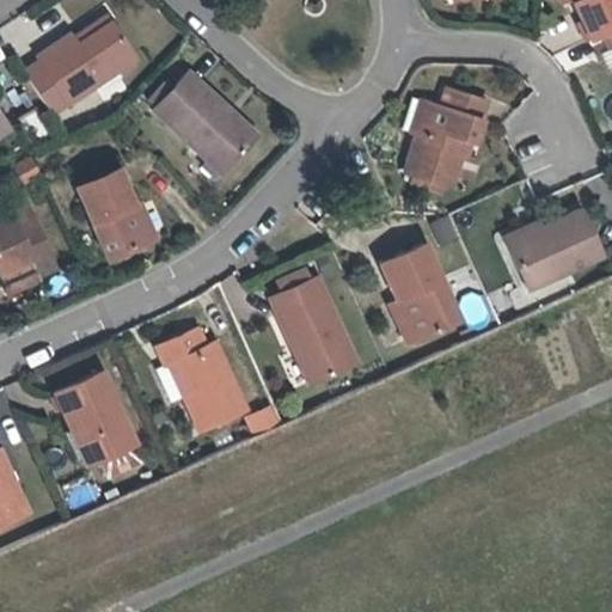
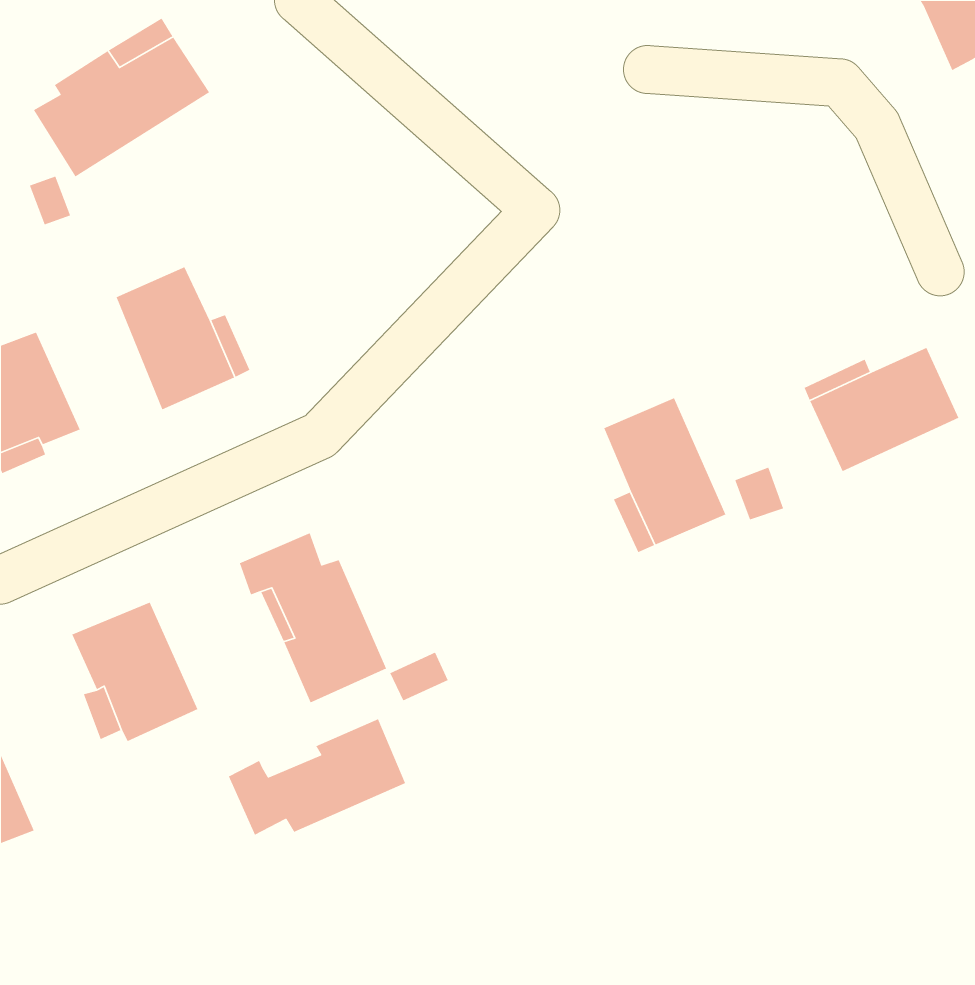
building: [160,72,265,166] -> none
building: [408,88,490,188] -> none
building: [276,281,355,381] -> none
building: none -> [228,718,406,836]

